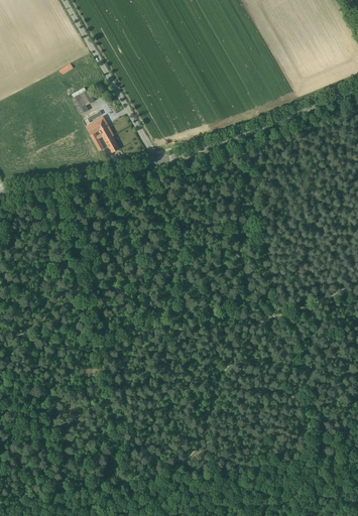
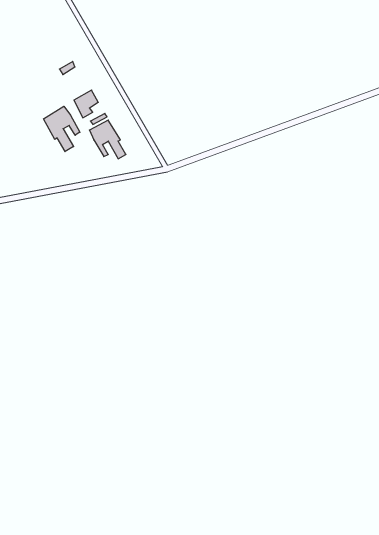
building: none -> [44,106,80,152]

